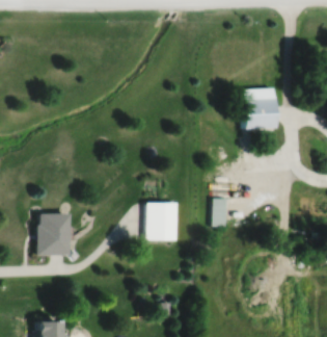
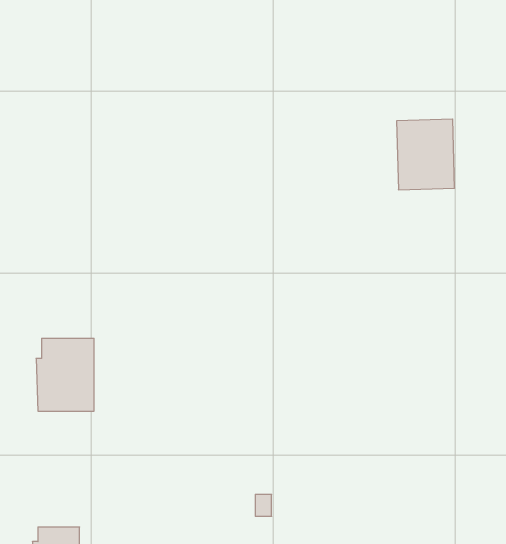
building: [214,199,229,228] -> none
building: [148,203,180,240] -> none

